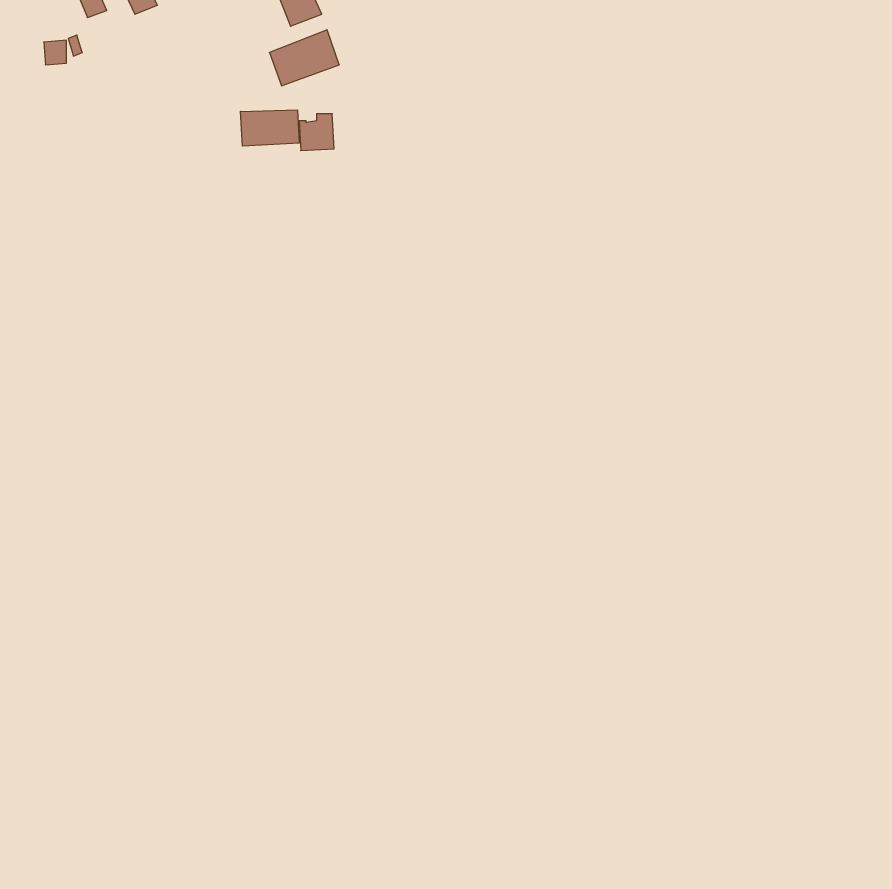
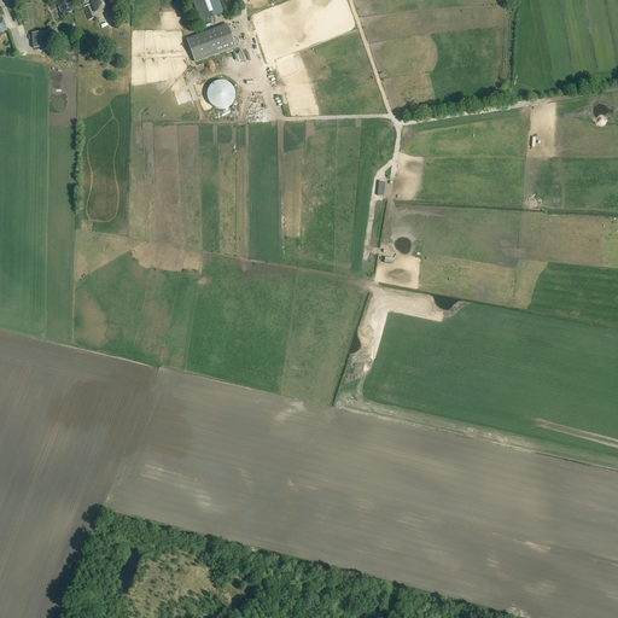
building: [240,110,299,146] -> none

